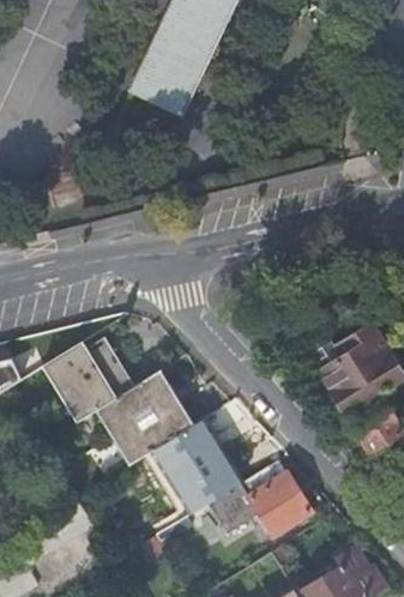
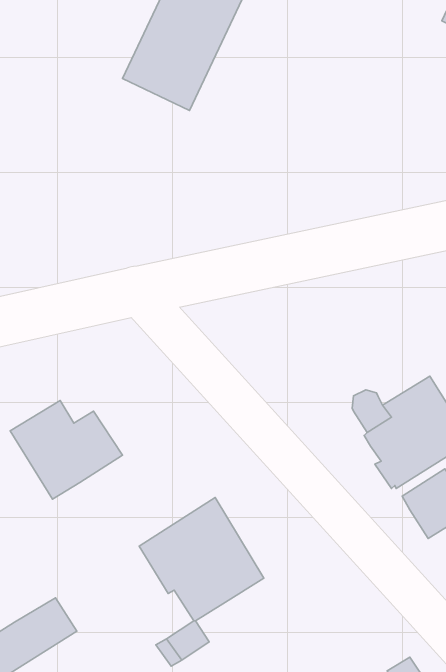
building: [96,367,193,463] -> none
building: [209,459,310,535] -> none

